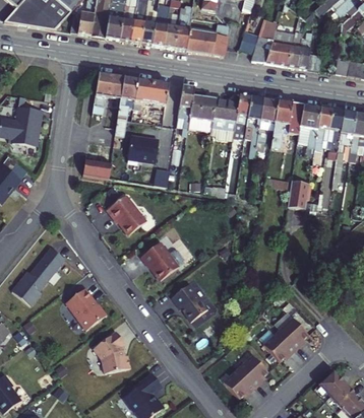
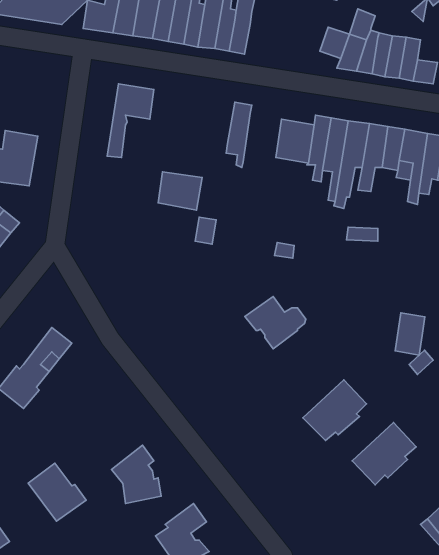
building: [188,23,231,57] -> none
building: [114,76,168,136] -> none
building: [187,93,215,131] -> none
building: [81,158,110,178] -> none
building: [287,180,308,210] -> [395,313,425,355]
building: [106,194,145,234] -> none
building: [139,241,183,279] -> [245,297,306,349]
building: [170,283,206,321] -> none
building: [64,287,106,329] -> [28,463,86,521]
building: [225,352,270,396] -> [303,380,367,441]

